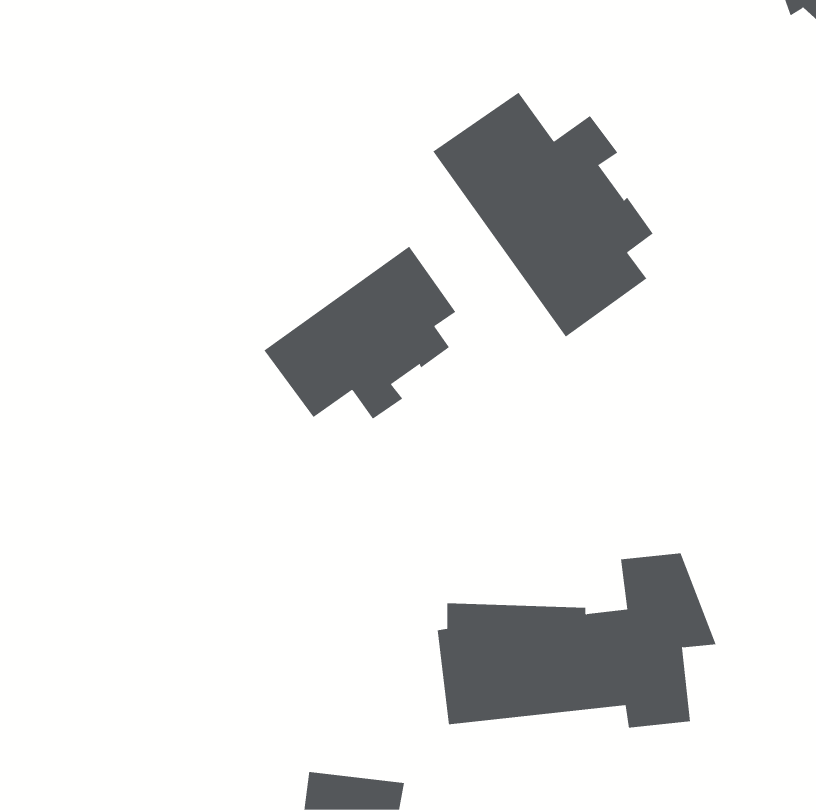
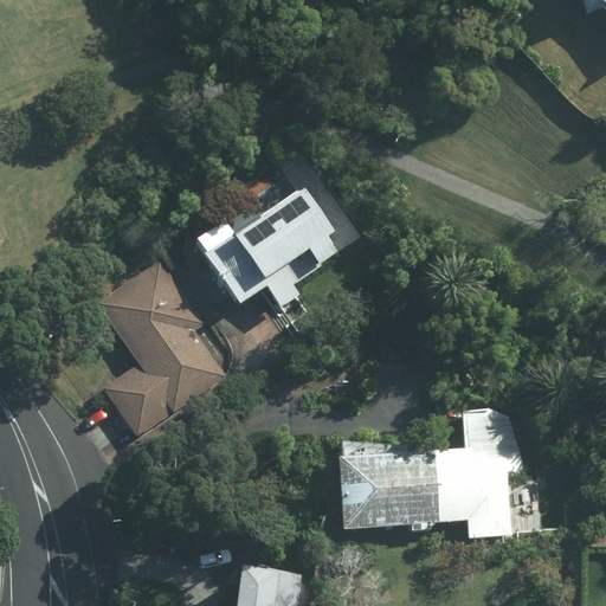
building: [433,92,653,338] -> none
building: none -> [96,256,230,434]

